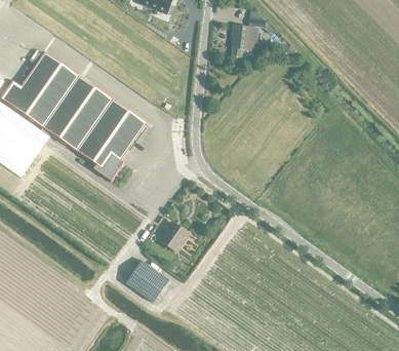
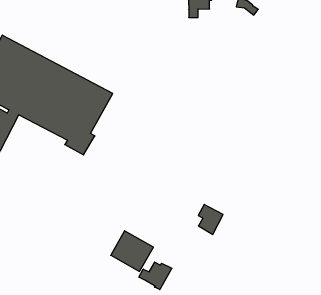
building: [162,221,188,251] -> [198,204,223,234]
building: none -> [139,262,172,290]

